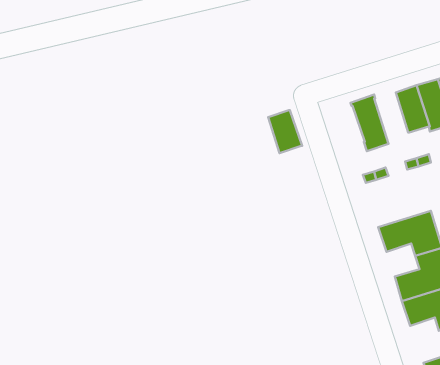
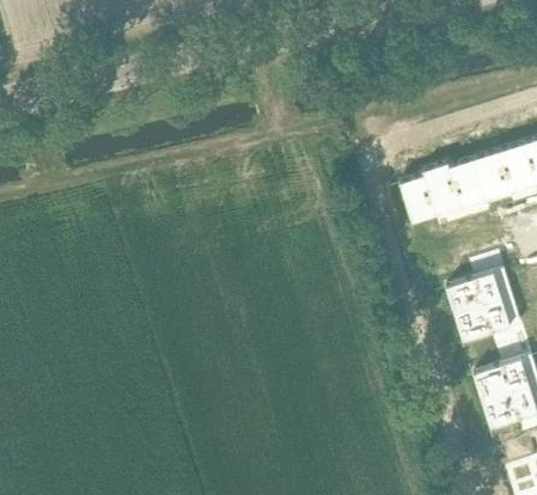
building: none -> [448,158,492,218]
building: [268,110,302,153] -> [398,173,438,224]
building: none -> [445,252,514,314]

